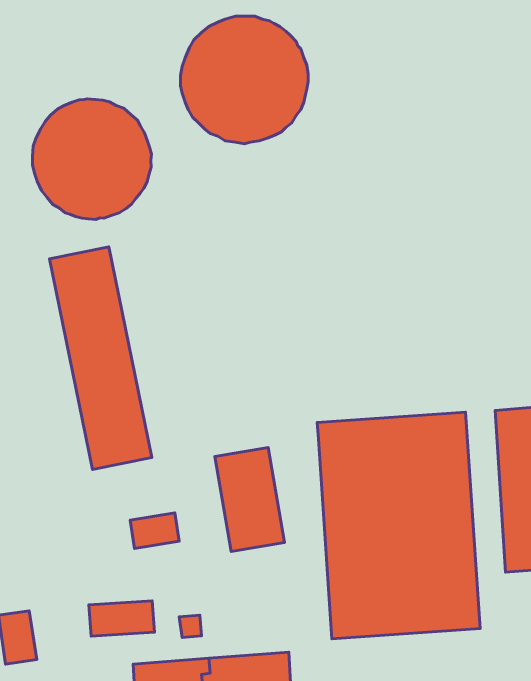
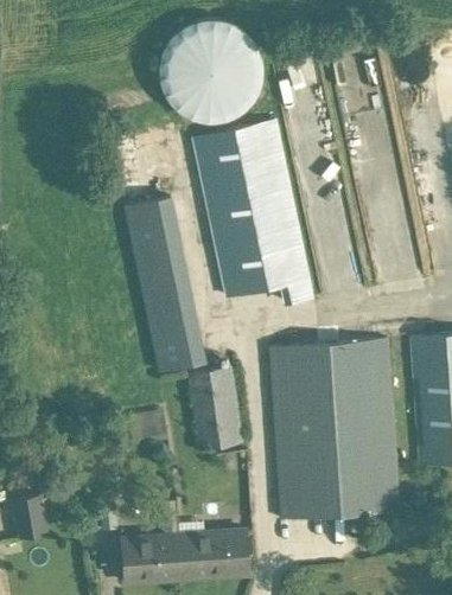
building: [32,99,151,220] -> none
building: none -> [192,114,314,307]
building: [49,247,152,469] -> [125,196,206,373]
building: [89,601,155,636] -> none

